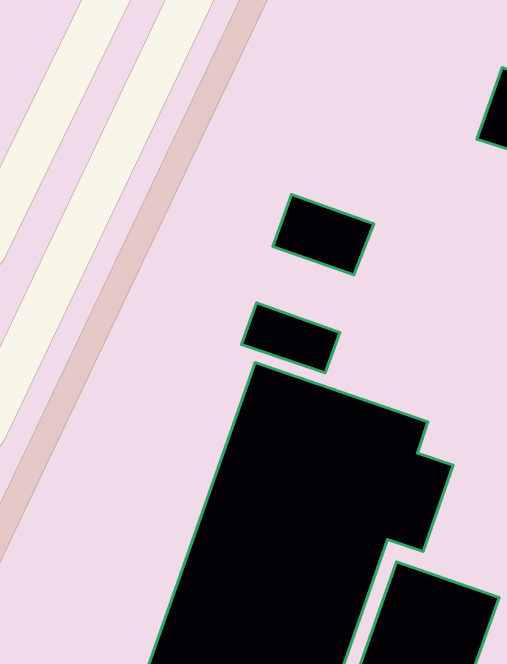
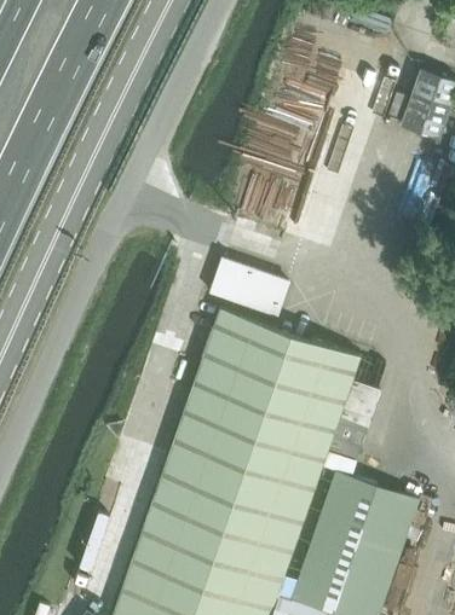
building: [273,195,374,275] -> none

